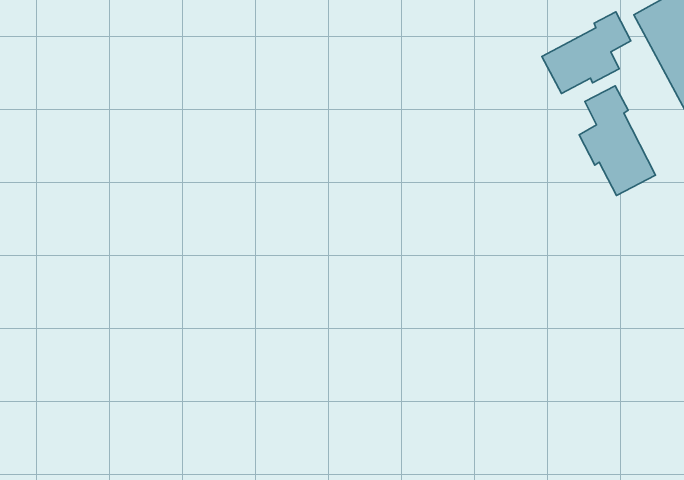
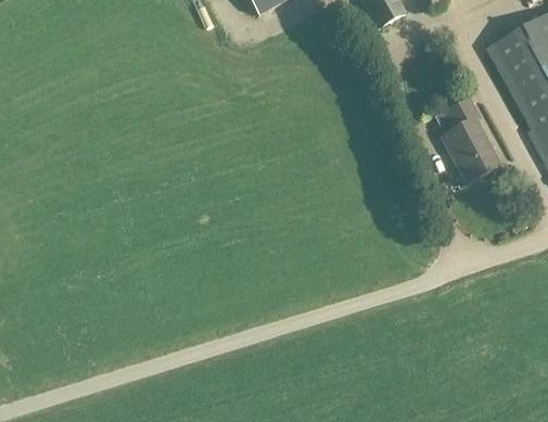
building: [542,12,631,94] -> none

